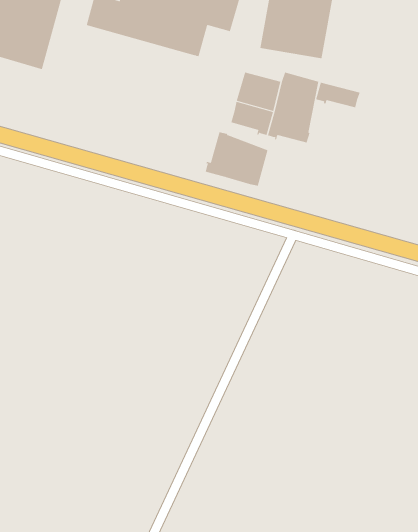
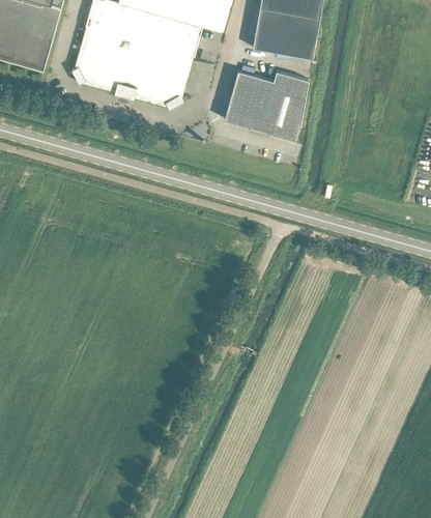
building: none -> [73,27,191,109]
building: [316,82,360,108] -> none
building: [205,131,268,186] -> none

